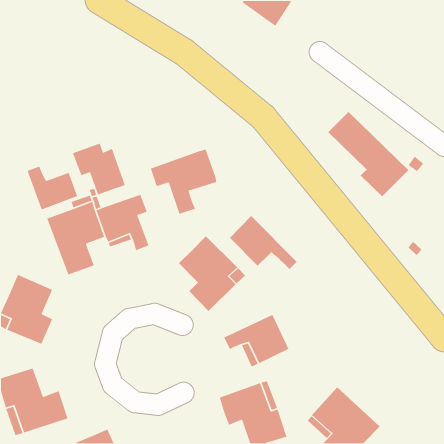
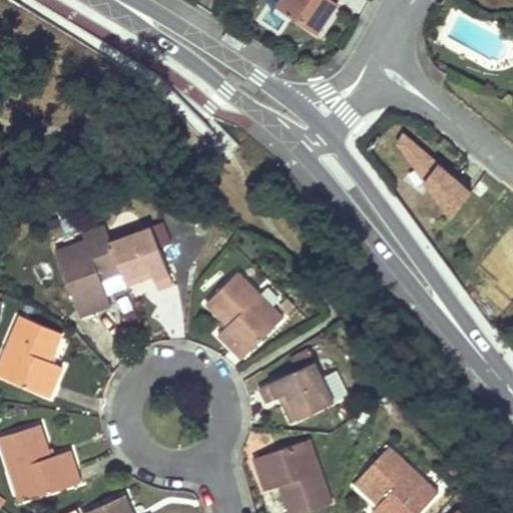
building: [72,143,126,195] -> none
building: [150,149,217,215] -> none
building: [26,165,78,210] -> none
building: [229,215,297,270] -> none

